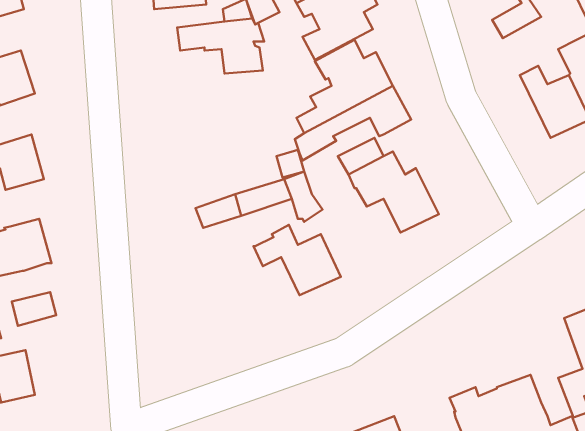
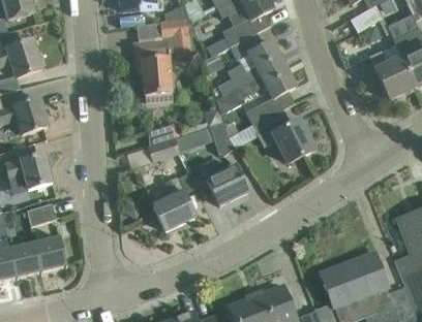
building: none -> [133,40,171,94]
building: none -> [152,171,194,230]
building: none -> [34,235,66,271]

